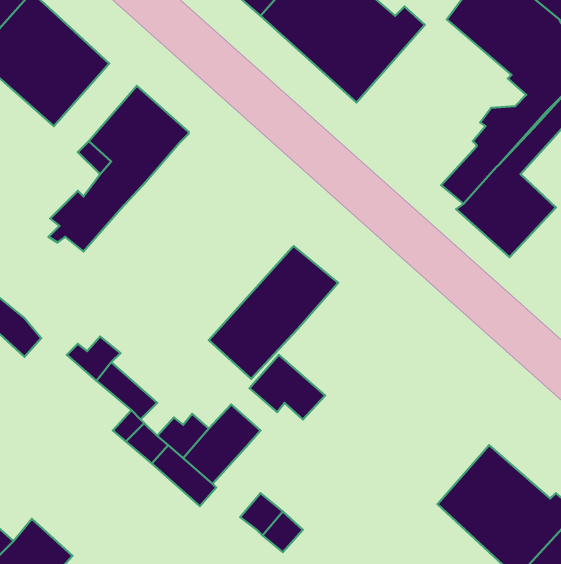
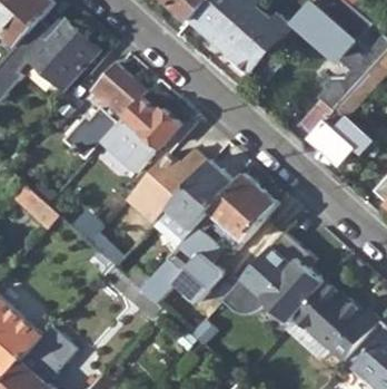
building: none -> [103,98,178,172]
building: none -> [126,149,207,223]
building: none -> [210,173,277,241]
building: none -> [226,234,325,319]
building: none -> [179,255,225,302]

